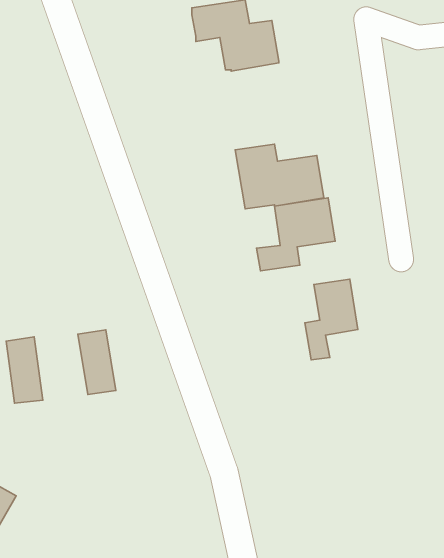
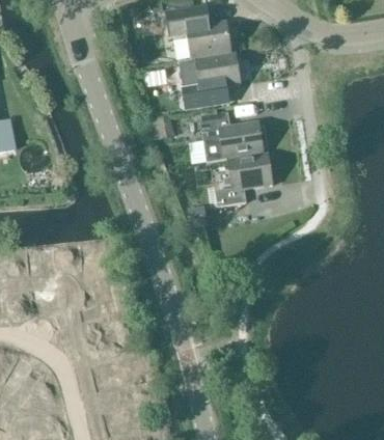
building: none -> [179,52,241,106]
building: [305,279,358,360] -> none

